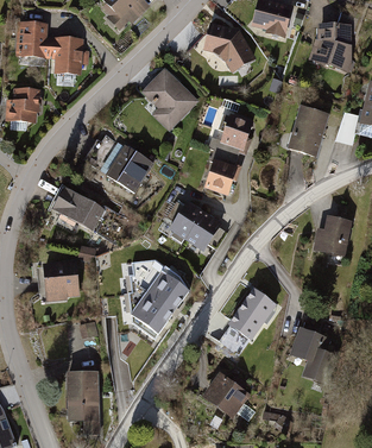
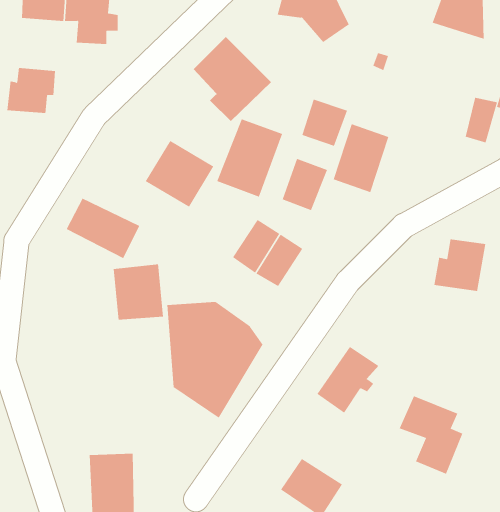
building: [289,102,329,152] -> [333,124,389,193]
building: none -> [217,119,283,198]
building: [42,258,78,298] -> [113,264,164,320]

